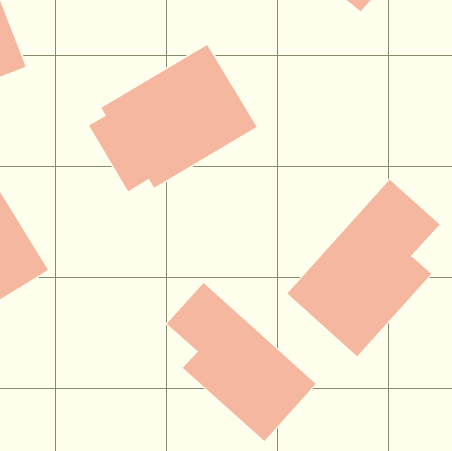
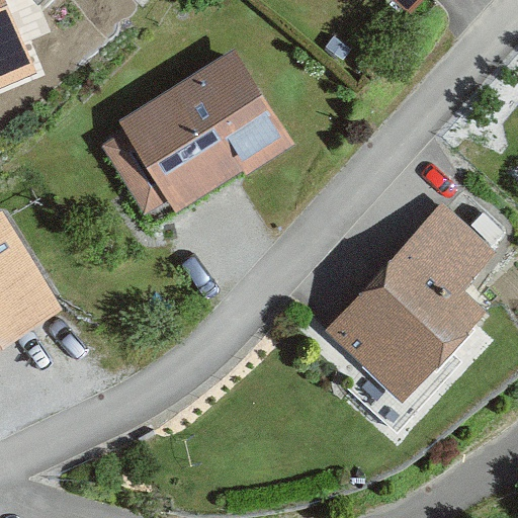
building: [166,282,317,442] -> none

